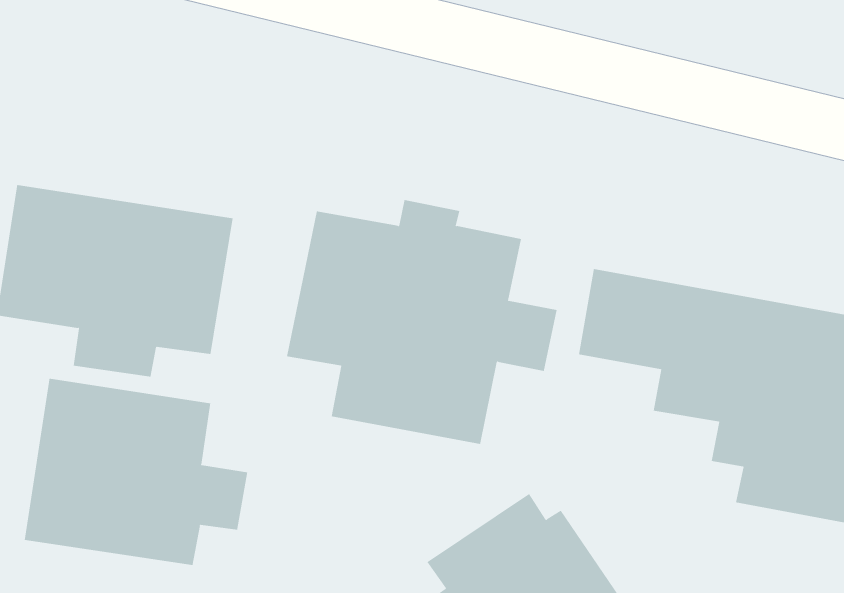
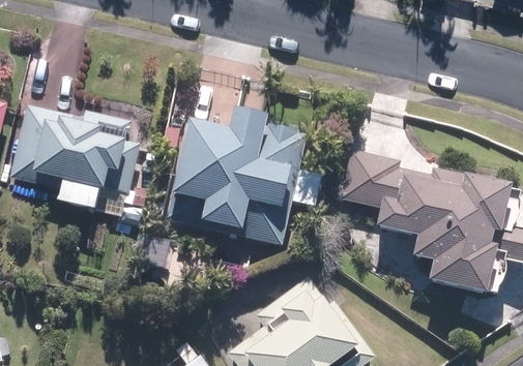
building: [24,378,248,566] -> none

